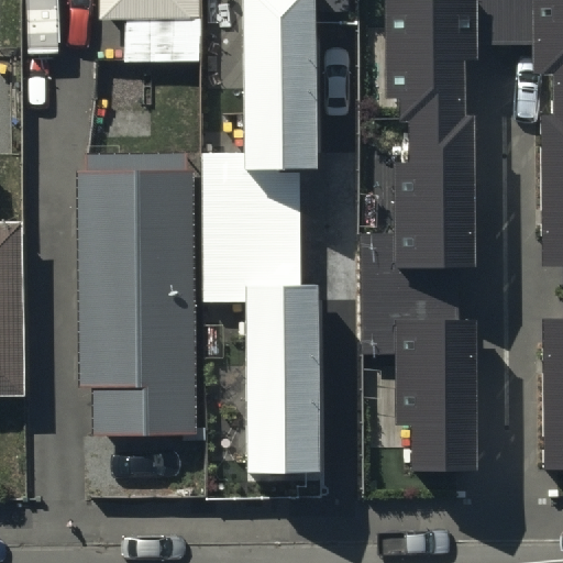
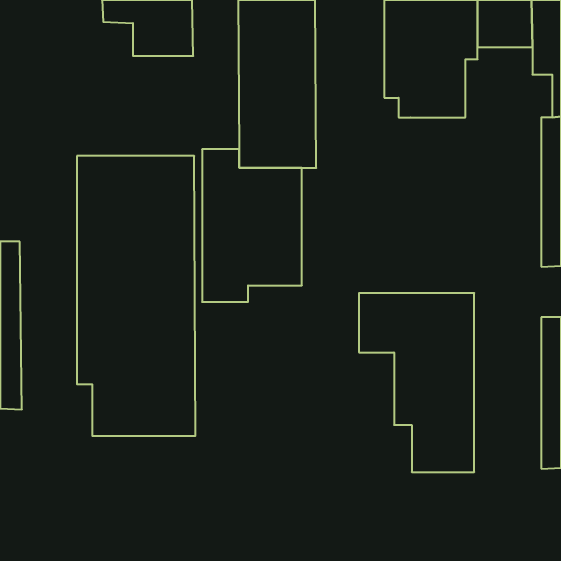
building: [360,118,476,294] -> none
building: [249,286,321,477] -> none

